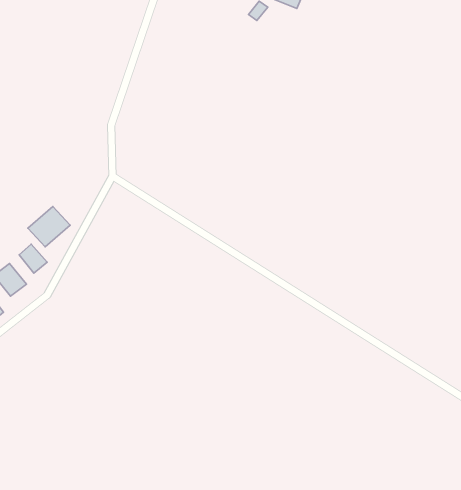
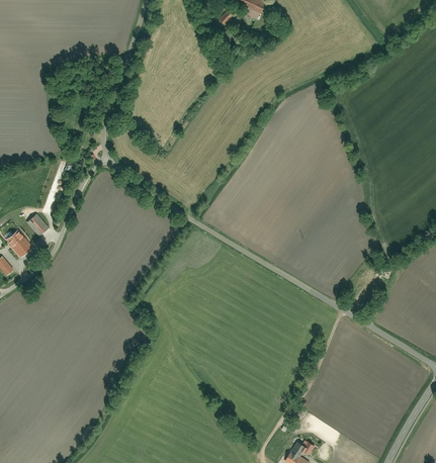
building: [28,206,70,247] -> none

